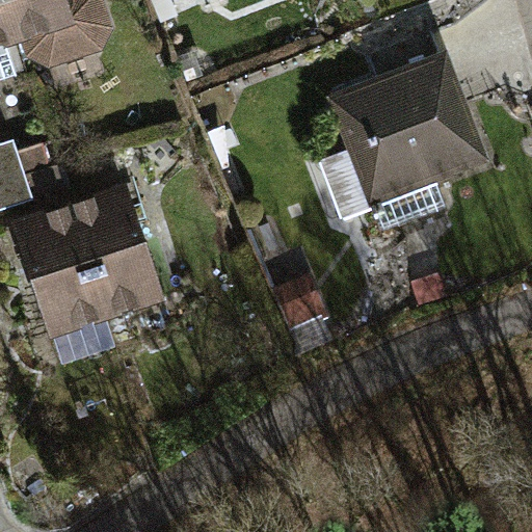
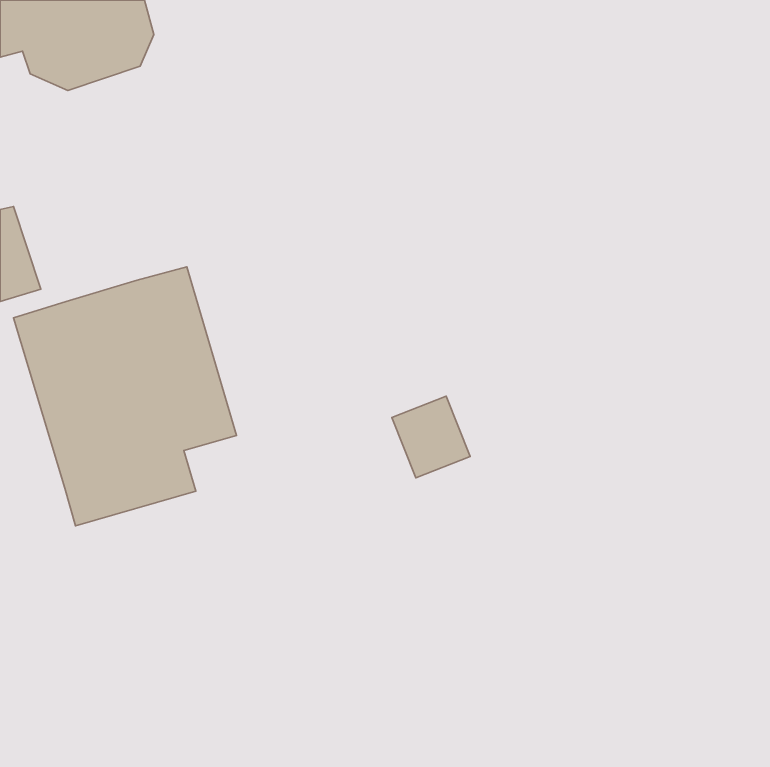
building: [326,49,489,204] -> none

